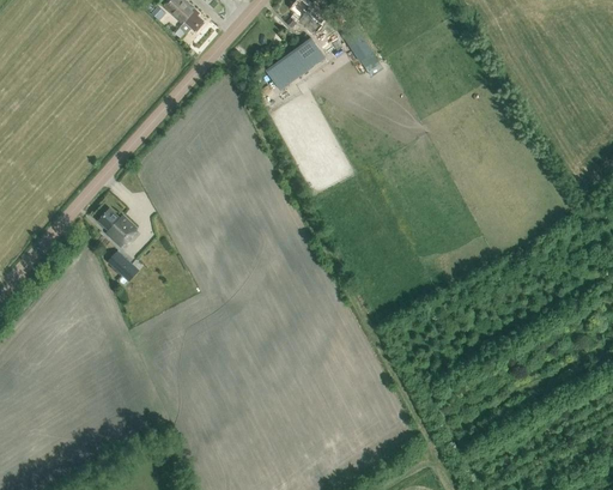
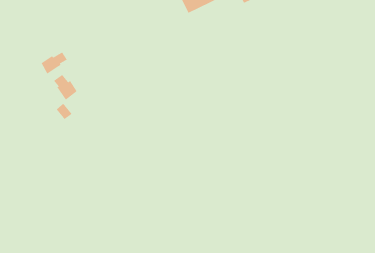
building: none -> [41,52,67,75]

